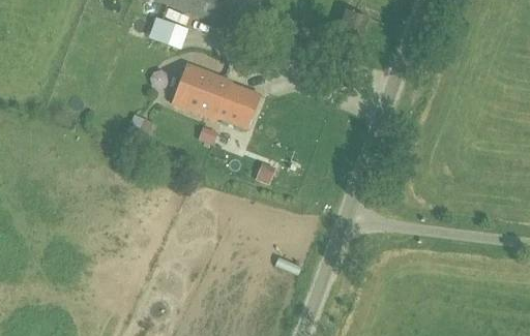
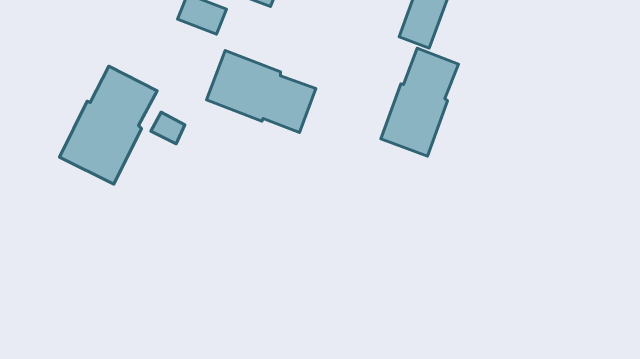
building: none -> [381,48,458,156]
building: none -> [59,66,157,184]

